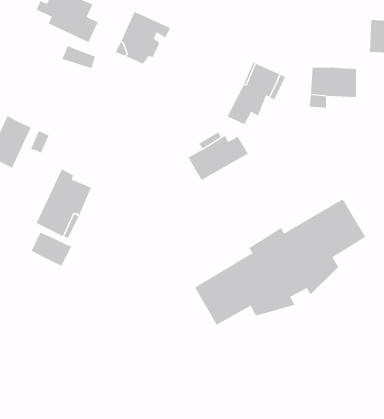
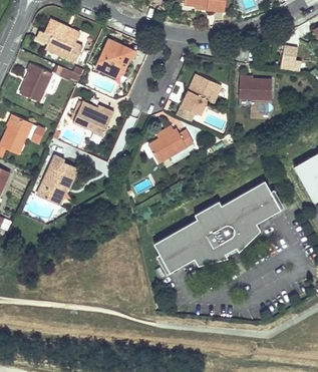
building: none -> [21,65,52,103]
building: none -> [74,101,114,136]
building: [31,232,72,266] -> none

